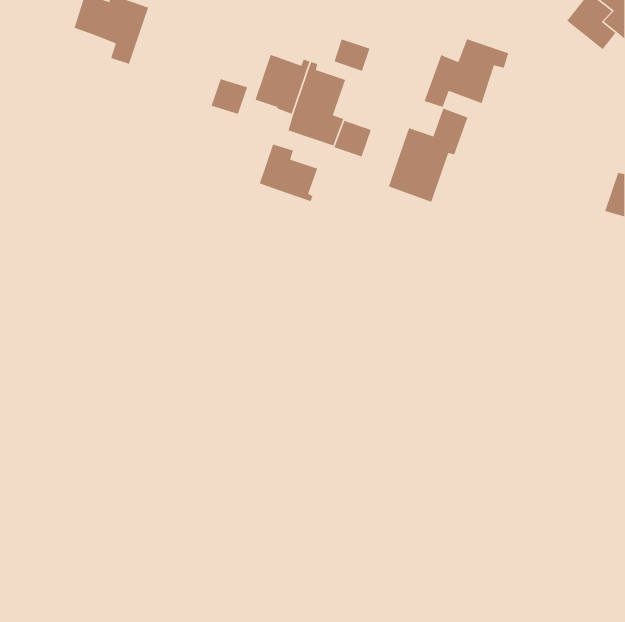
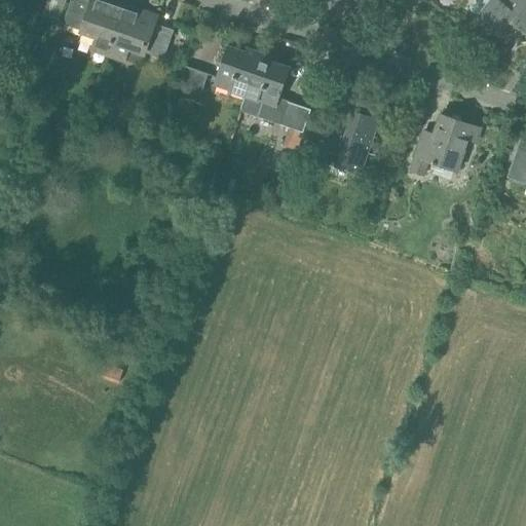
building: none -> [109,6,173,61]
building: [424,38,509,108] -> [409,116,481,175]
building: [334,38,370,72] -> none
building: [259,143,318,202] -> none

